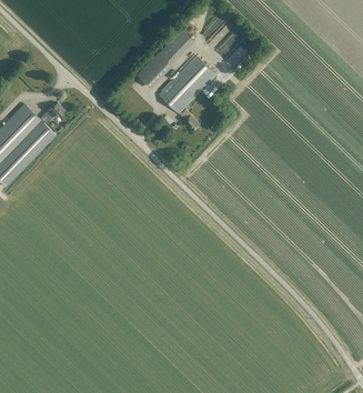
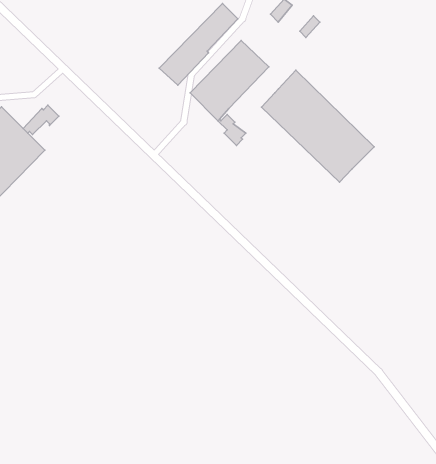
building: none -> [261,70,374,182]

